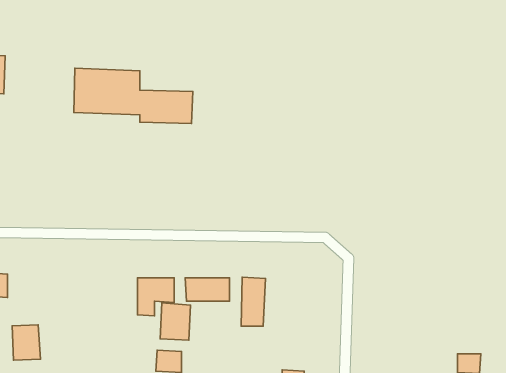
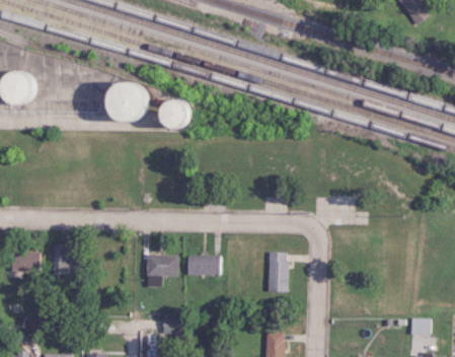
building: [241,277,266,326] -> [269,252,289,292]
building: [160,303,191,340] -> none
building: [12,325,41,360] -> [54,243,77,273]

